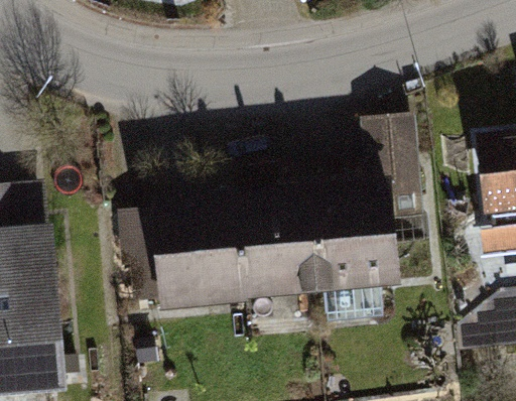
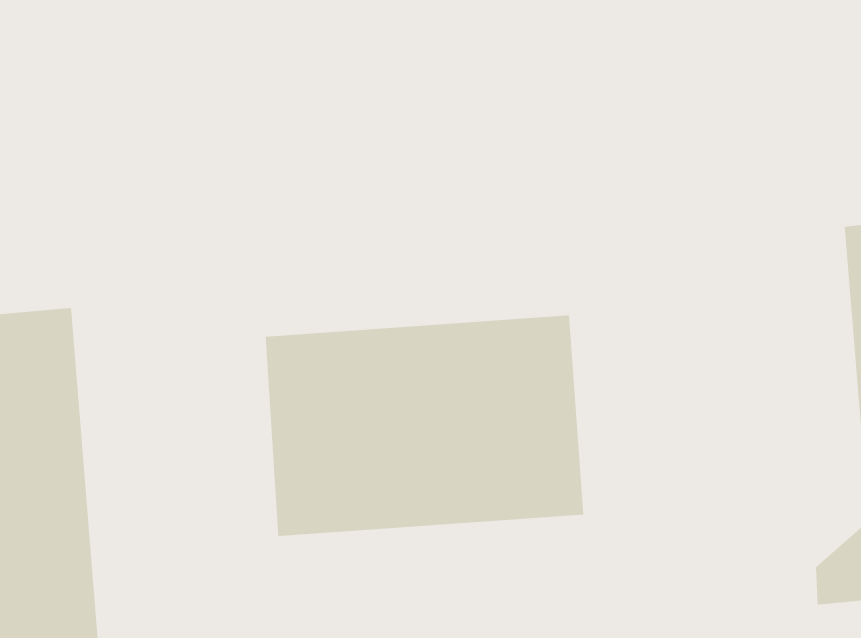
building: [324,115,425,297] -> none

